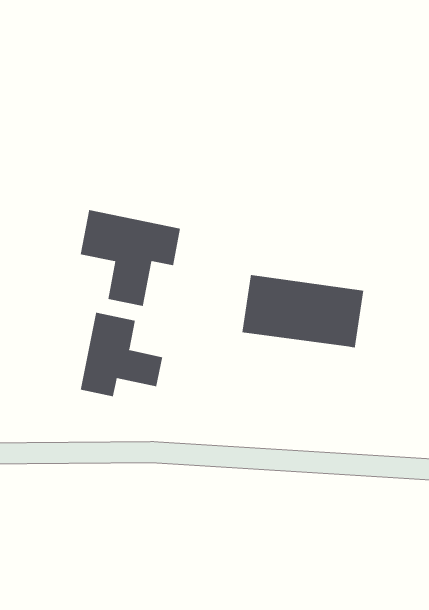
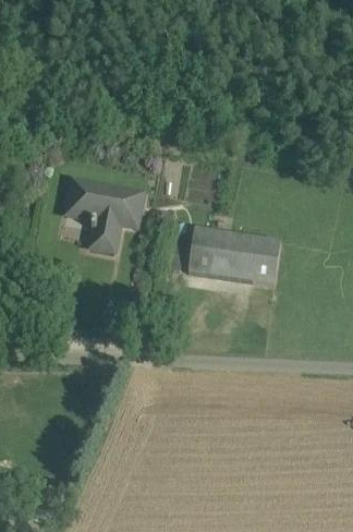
building: [80,312,163,397] -> none

